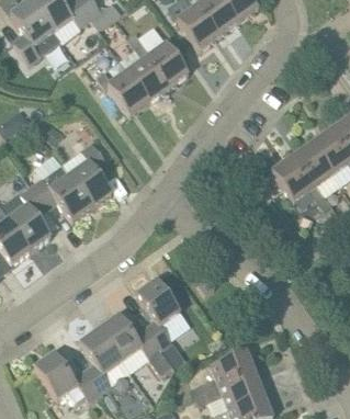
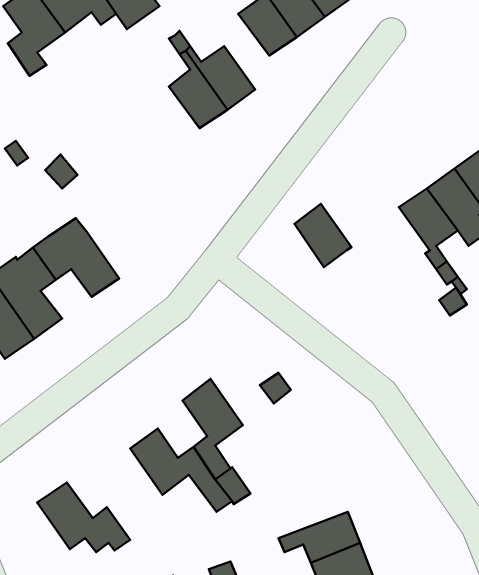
building: [97,70,149,115] -> none
building: [69,143,112,207] -> none
building: [272,157,313,202] -> [294,204,352,267]
building: [79,328,123,393] -> none
building: [191,350,255,396] -> none

